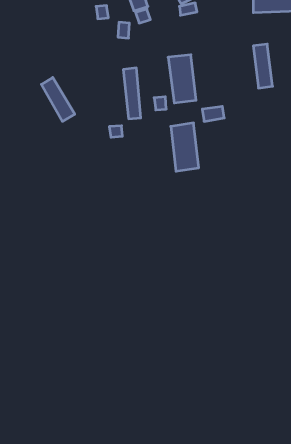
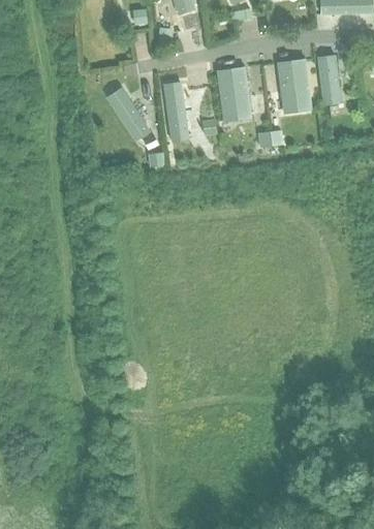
building: [41,77,75,121] -> [108,88,148,139]
building: [171,123,199,171] -> [278,58,311,115]

